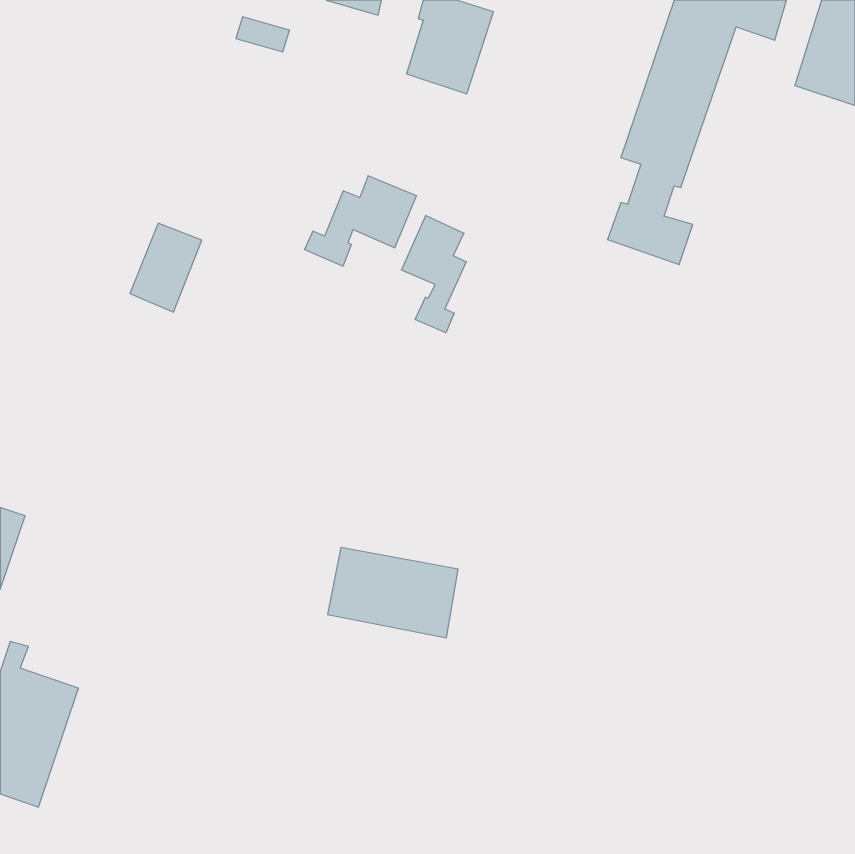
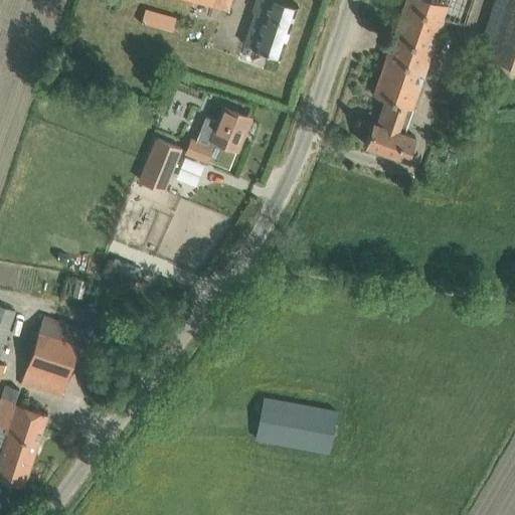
building: [401,215,466,333] -> none
building: [130,223,202,312] -> [139,138,182,191]
building: none -> [20,316,84,398]
building: [328,548,458,638] -> [255,398,334,453]

